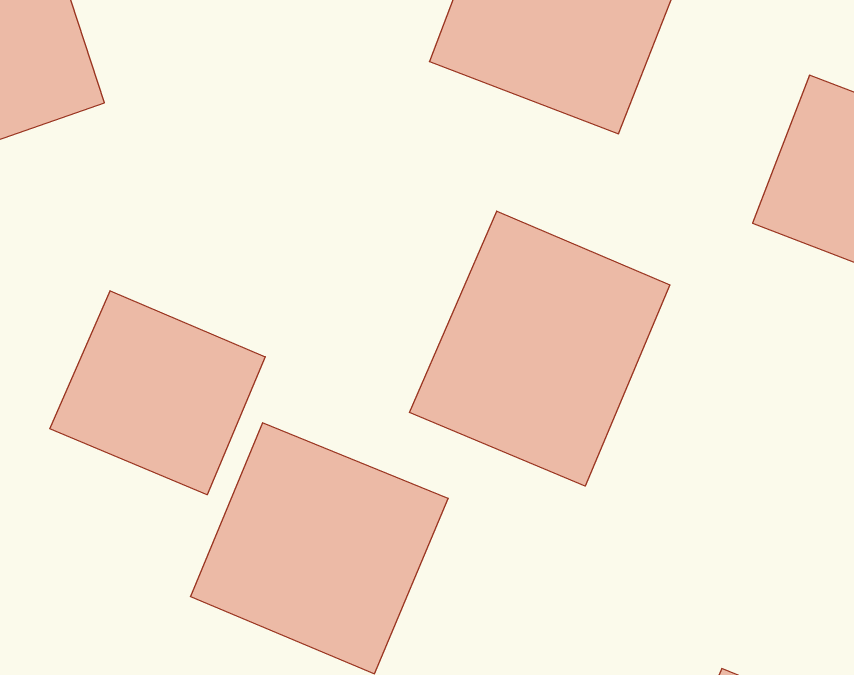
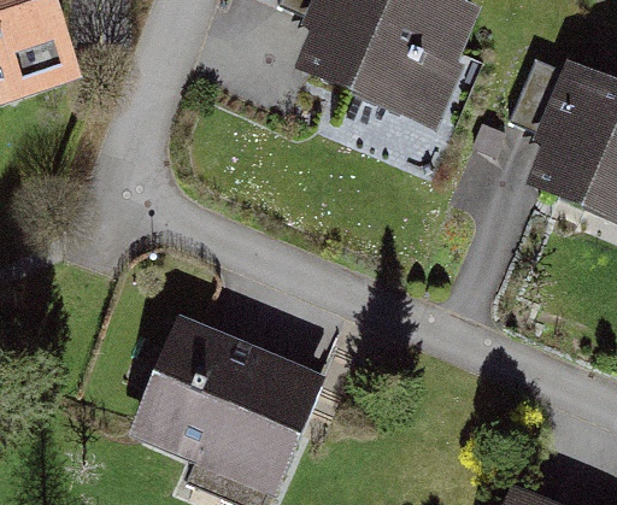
building: [410,211,670,486] -> none
building: [50,291,265,495] -> none

